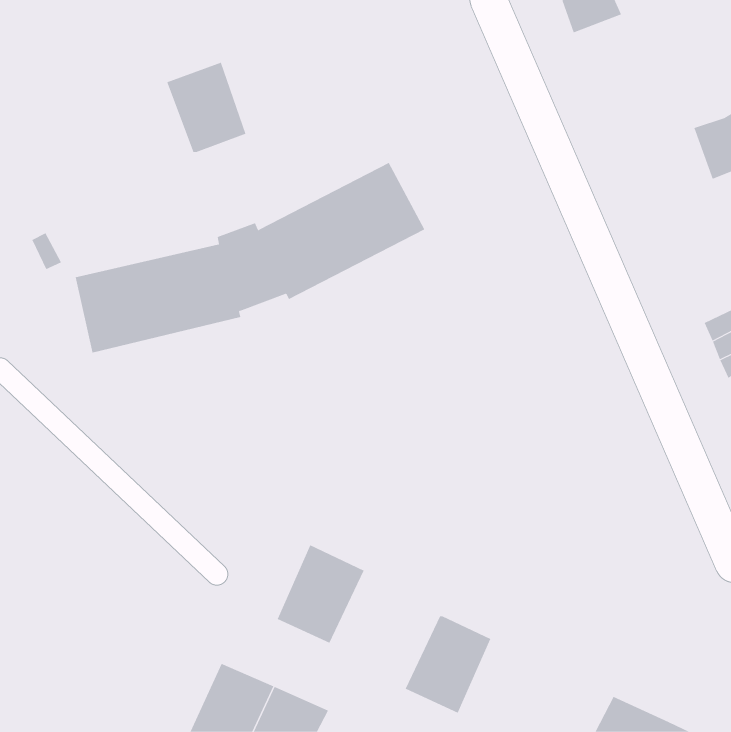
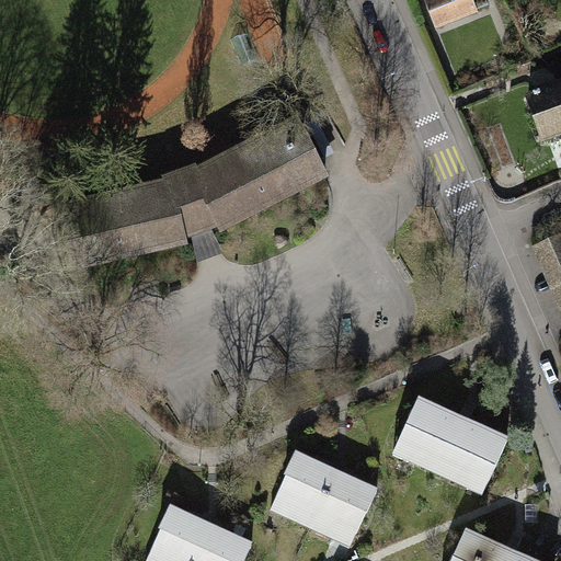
building: [167,62,246,153] -> none
building: none -> [397,400,507,492]
building: [277,545,364,644] -> [271,450,337,526]

